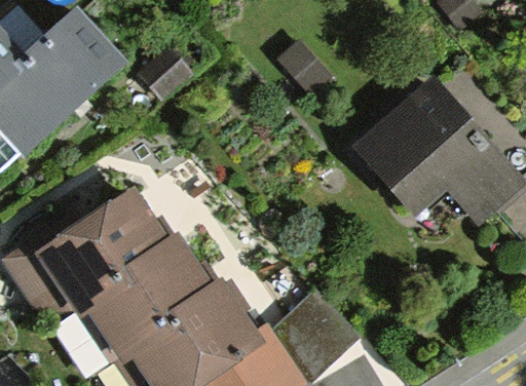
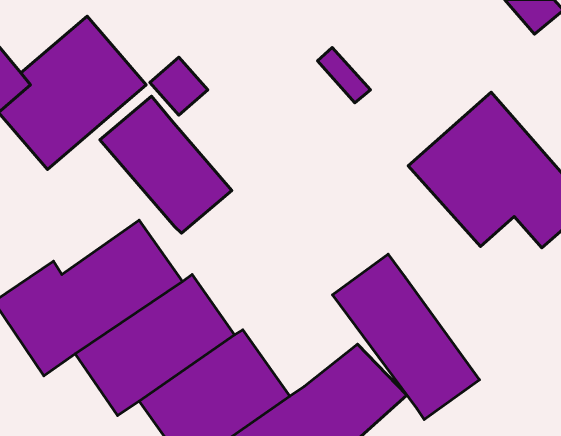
building: none -> [100,96,232,233]
building: none -> [333,254,480,419]

